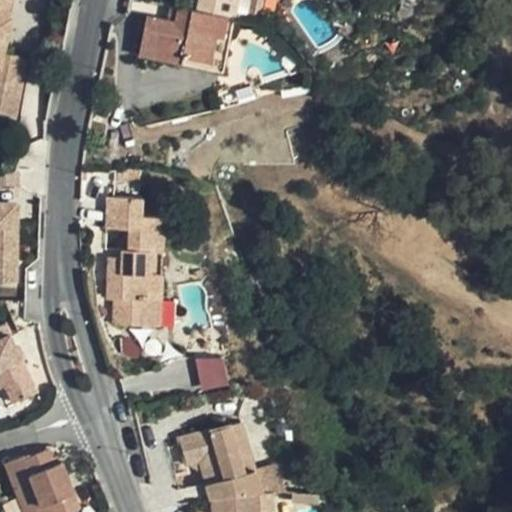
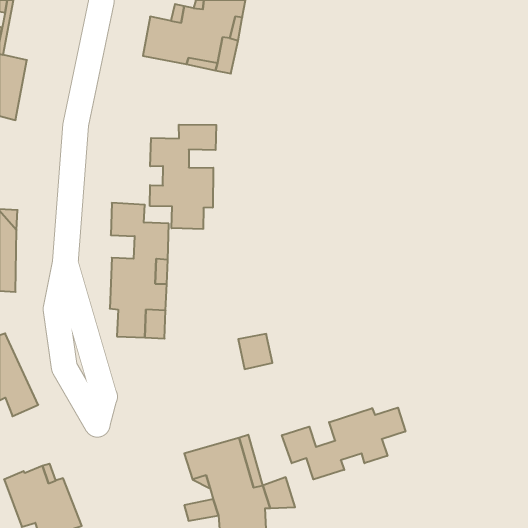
building: none -> [150,125,216,229]
building: [193,357,226,391] -> [238,334,272,369]
building: none -> [282,408,405,479]

